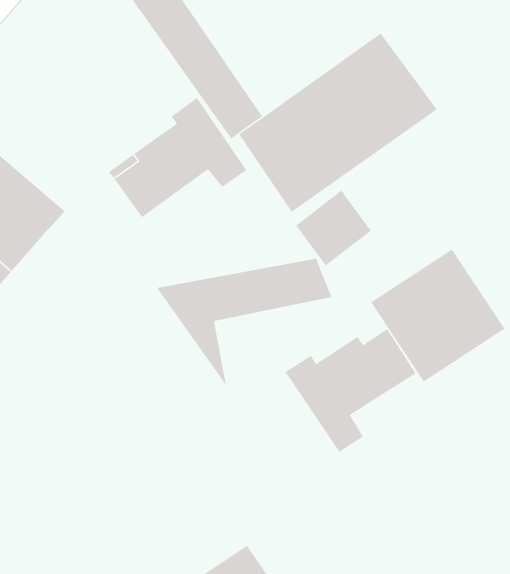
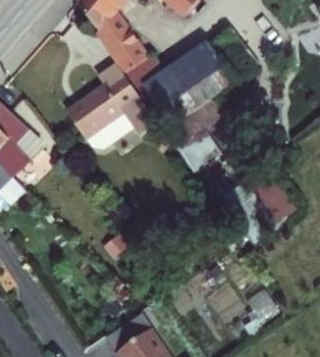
building: [156,258,332,388] -> none
building: [284,328,416,453] -> none

